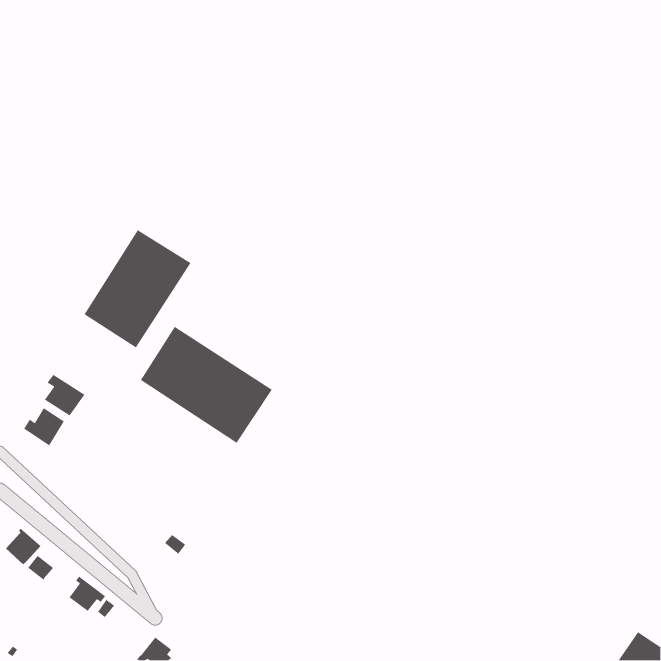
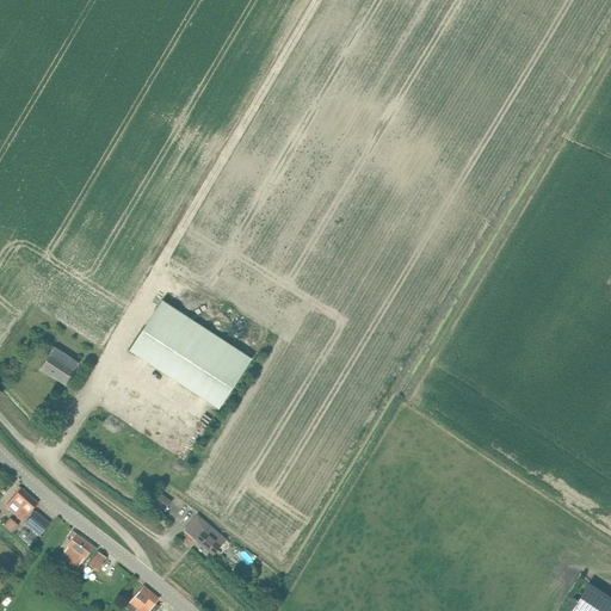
building: [83,229,191,349] -> none
building: [23,407,65,446] -> none
building: none -> [185,517,226,555]

